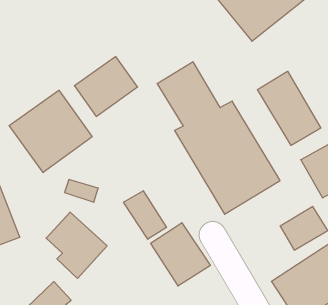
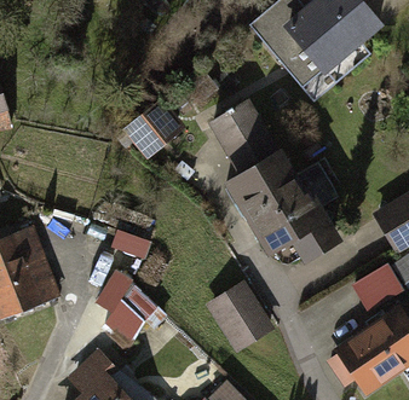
building: [257,71,321,145] -> none
building: [9,90,92,173] -> none
building: [124,191,167,239] -> none

